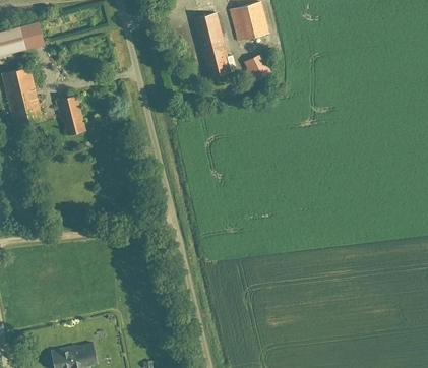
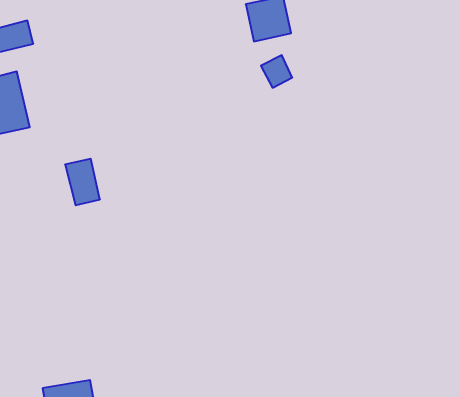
building: [193,12,236,79] -> none
building: [55,96,85,136] -> [65,159,100,205]

